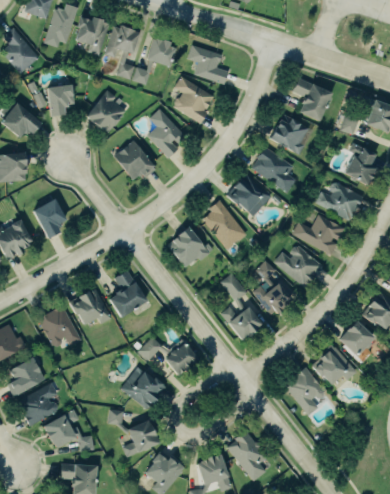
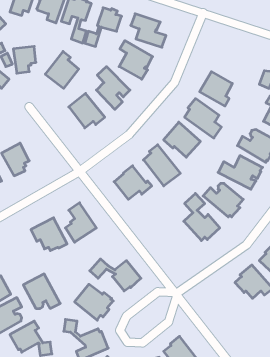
building: [292,77,331,121] -> none
building: [219,273,263,343] -> none
building: [37,305,81,346] -> [23,274,60,308]
building: [283,367,324,415] -> none

